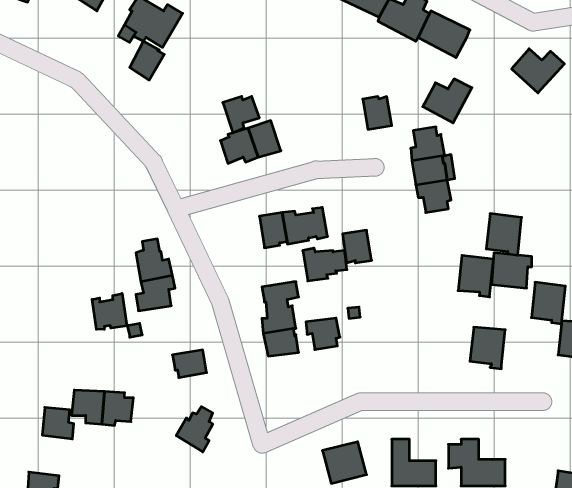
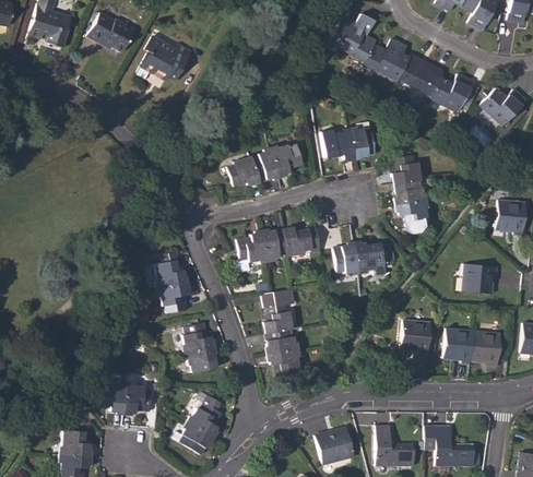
building: [130,41,164,80] -> none
building: [423,79,472,123] -> [430,72,473,110]
building: [223,96,259,133] -> [271,143,303,175]
building: none -> [325,130,355,157]
building: [486,214,522,255] -> [496,199,526,235]
building: none -> [237,231,265,261]
building: [303,248,347,281] -> [354,241,392,270]
building: [458,255,493,297] -> [400,319,430,355]
building: [531,282,565,324] -> [471,330,500,366]
building: [92,293,127,329] -> none
building: [306,318,340,350] -> [269,349,298,377]
building: none -> [182,322,212,351]
building: [42,407,74,439] -> [61,429,88,456]
building: none -> [180,421,212,454]

